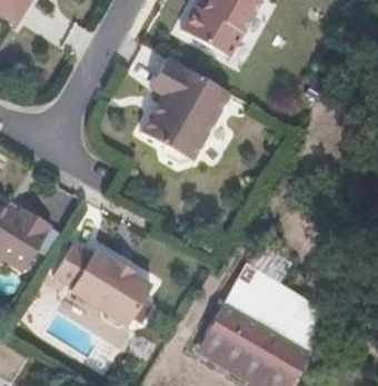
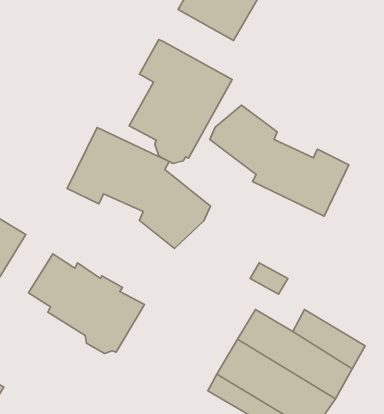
building: none -> [210,105,349,216]
building: none -> [67,127,211,248]

